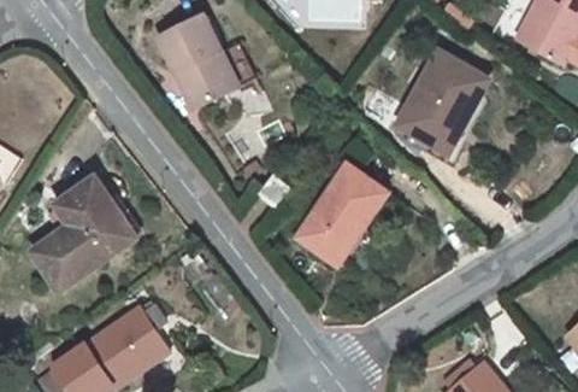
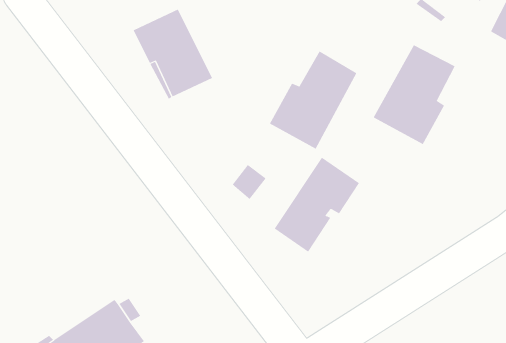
building: none -> [269,51,357,149]
building: [33,179,140,292] -> none

